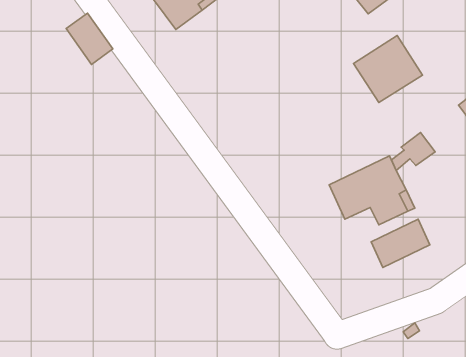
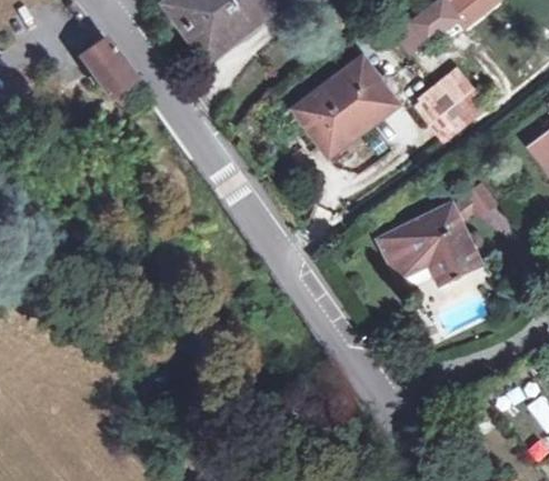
building: none -> [293,58,393,152]
building: [371,219,430,267] -> none

